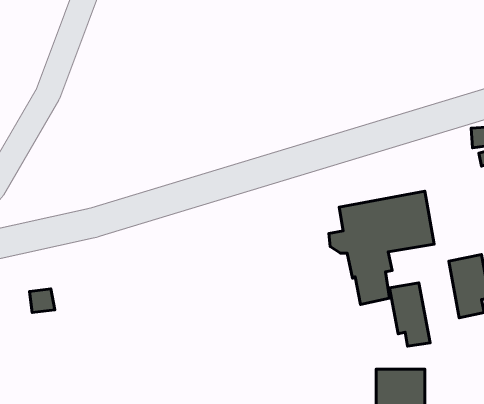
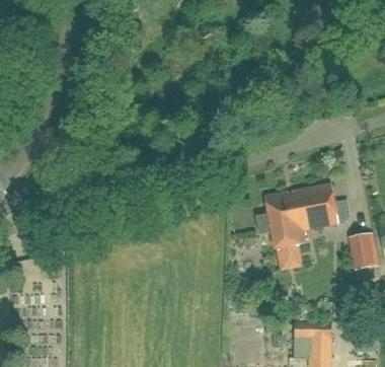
building: [390,283,430,346] -> none

